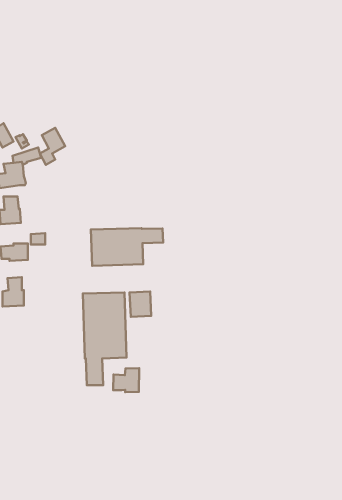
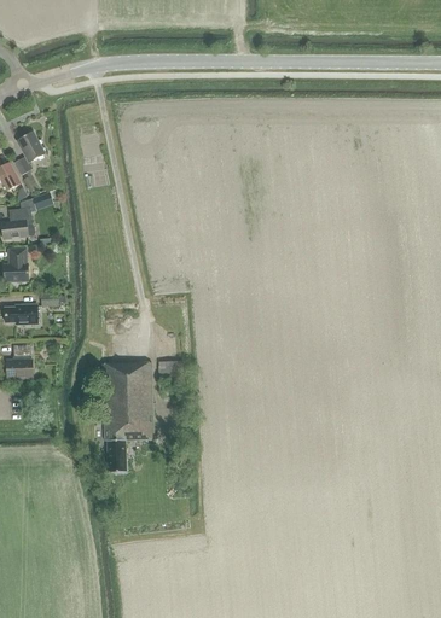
building: [40,128,65,165] -> [14,132,45,175]
building: [91,228,163,266] -> none
building: [113,368,139,392] -> none

